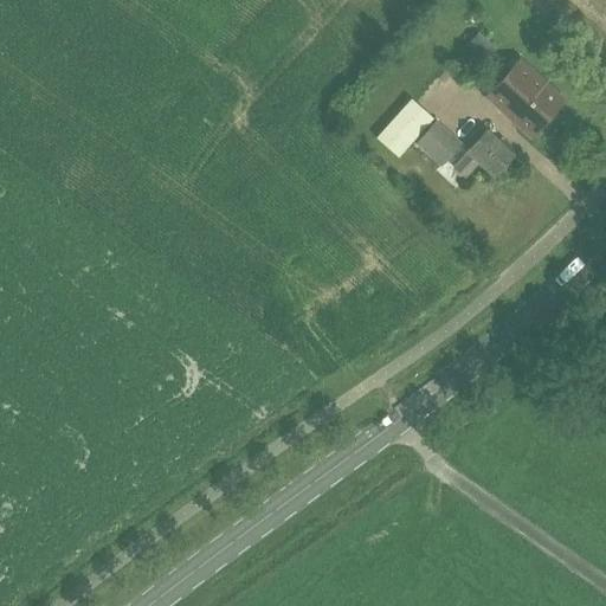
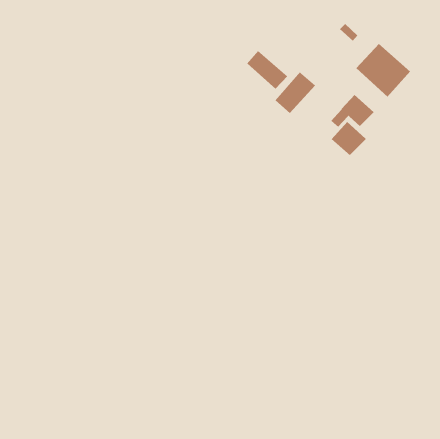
building: none -> [246,50,288,90]
building: [415,117,465,165] -> [331,121,367,156]

